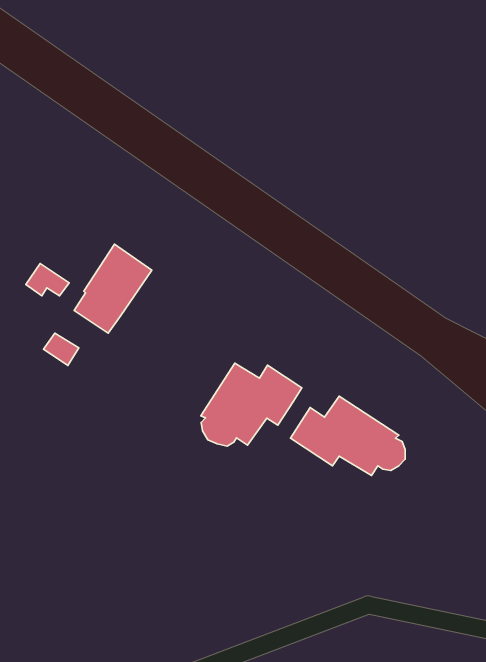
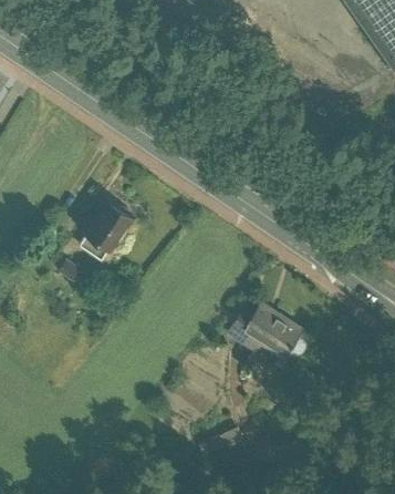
building: [201,363,302,446] -> none

